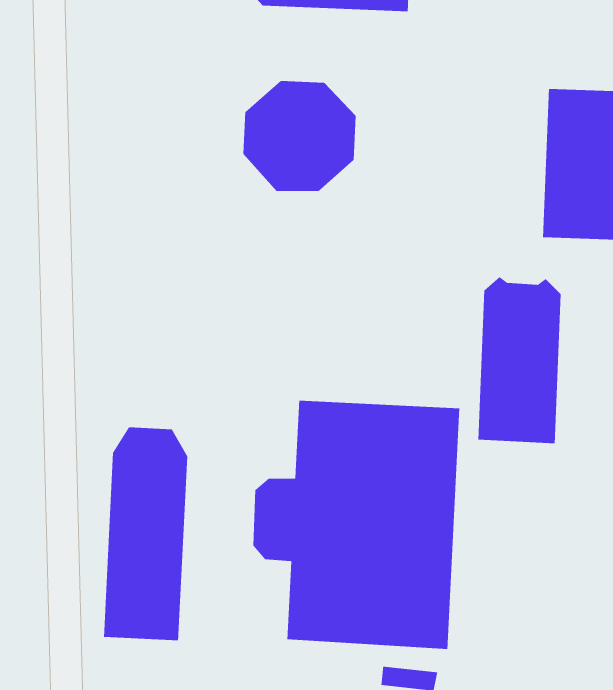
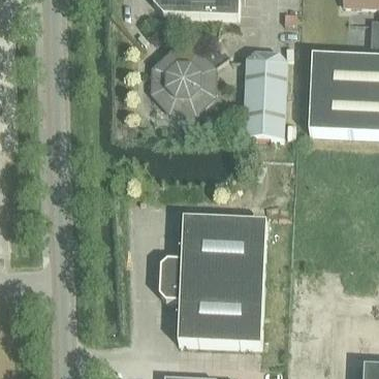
building: [478,276,562,444] -> [245,52,288,138]
building: [103,426,188,641] -> none

